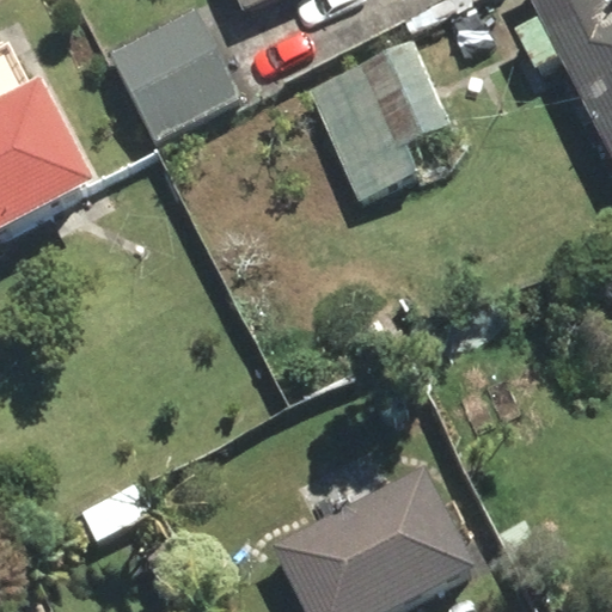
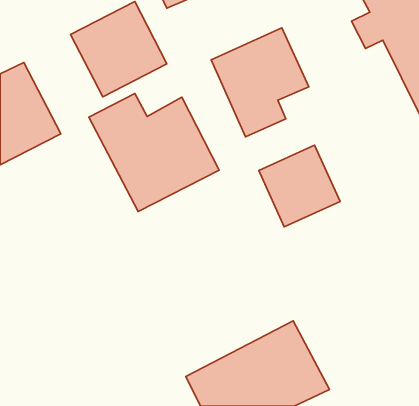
building: none -> [89,93,219,212]
building: none -> [259,145,340,227]

